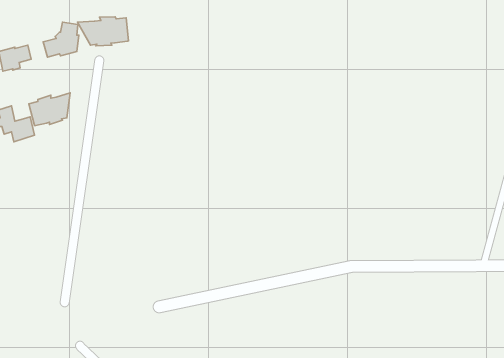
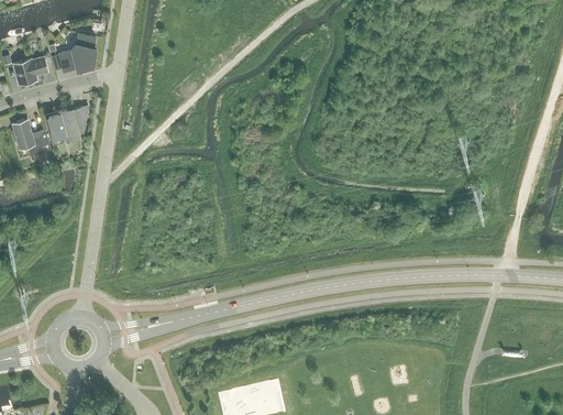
building: [78,17,129,46] -> none

